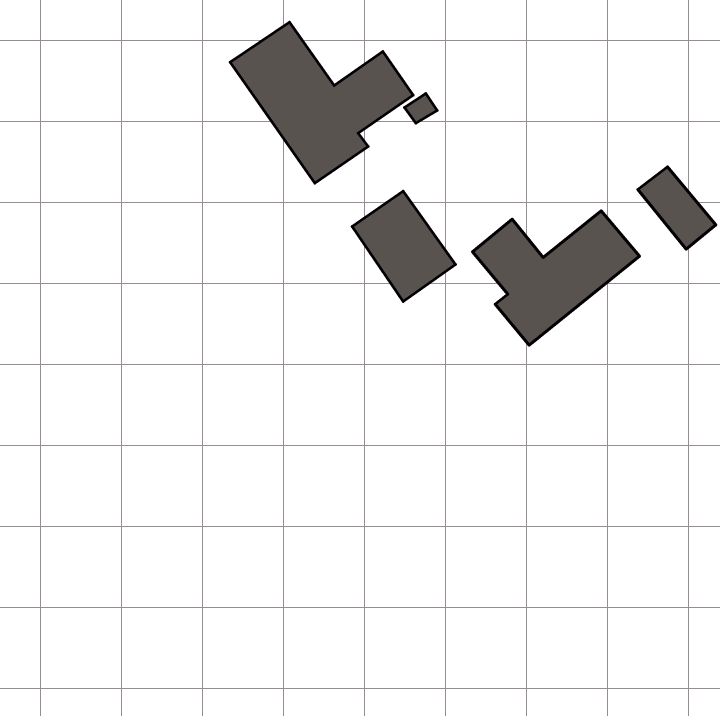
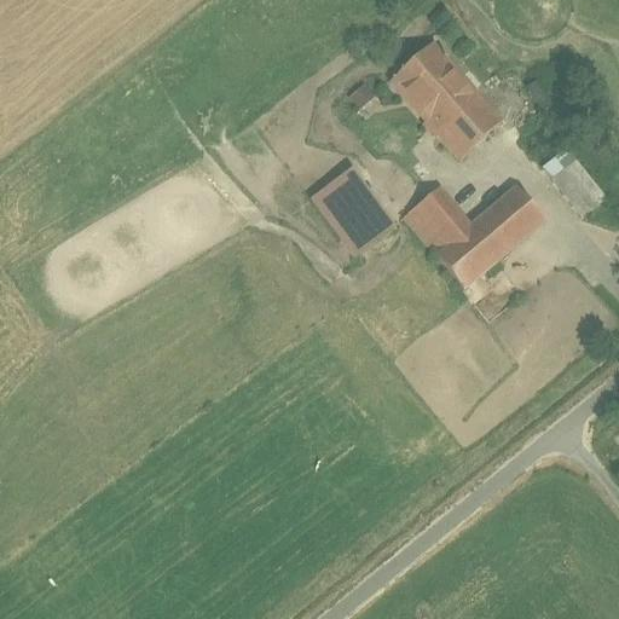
building: [230,22,413,183] -> none
building: none -> [387,39,503,160]

